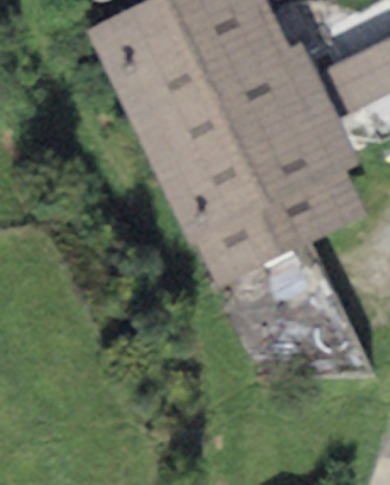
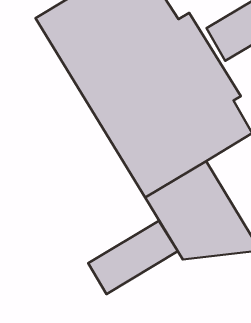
building: none -> [88,221,178,294]

